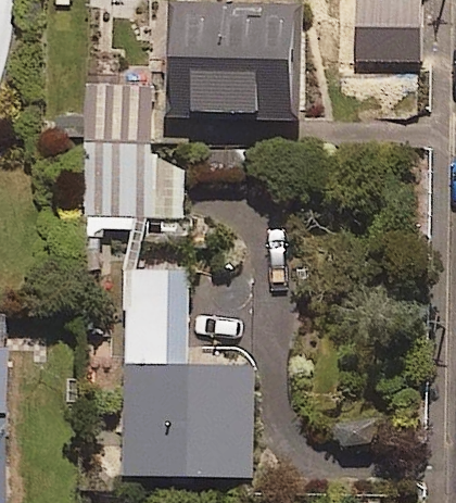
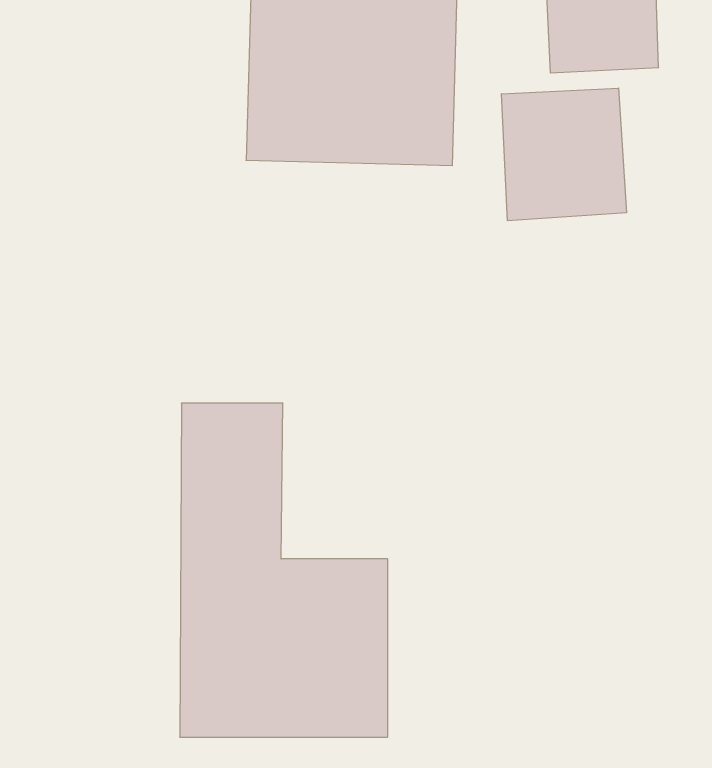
building: none -> [501,88,626,221]
building: [86,85,183,221] -> none

